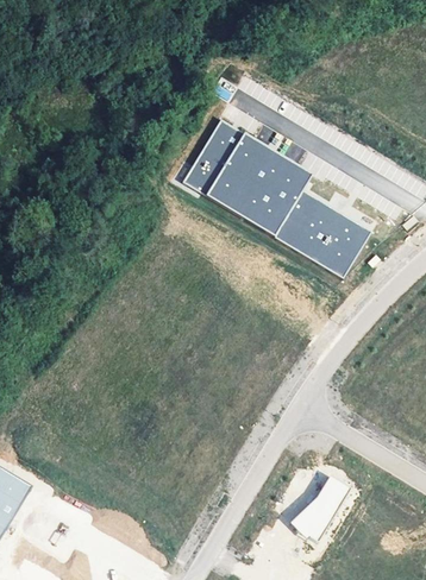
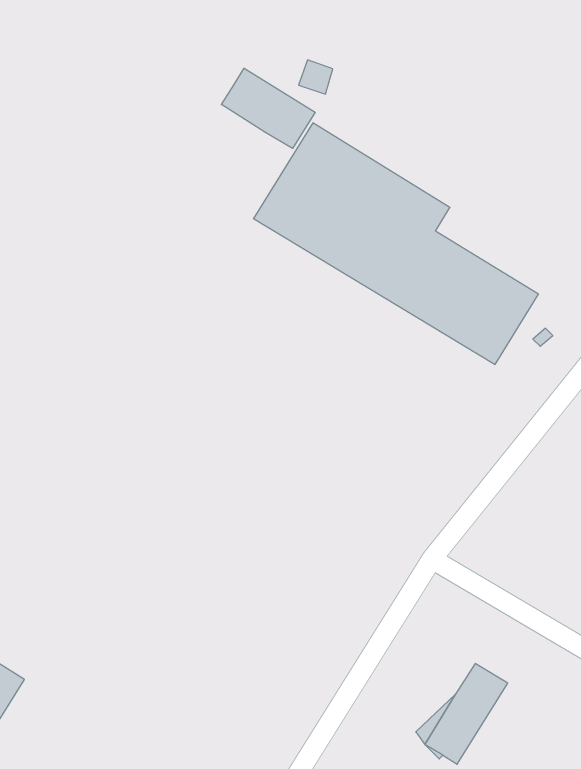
building: none -> [221,68,315,148]

